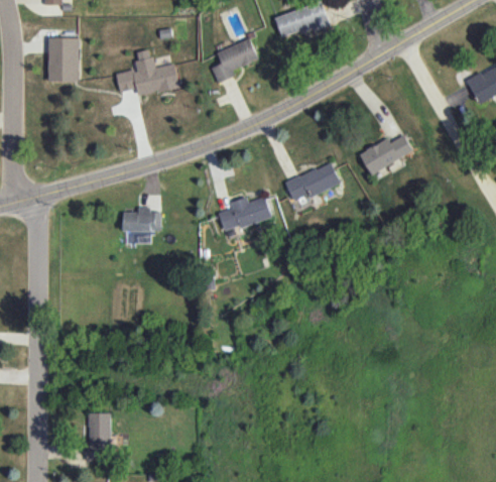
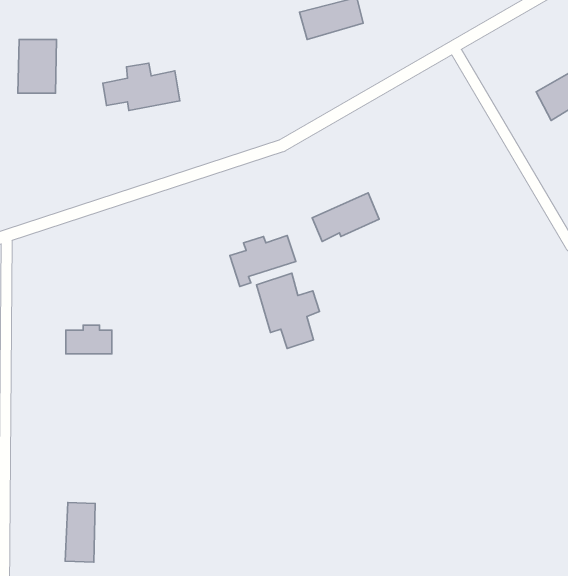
building: [212,38,258,83] -> none
building: [359,134,413,174] -> none
building: [123,207,160,230] -> [66,325,112,354]
building: none -> [257,273,320,349]

